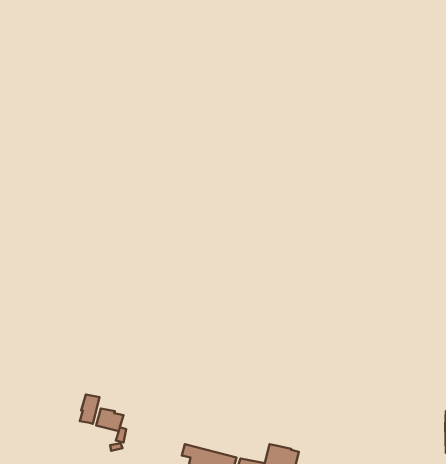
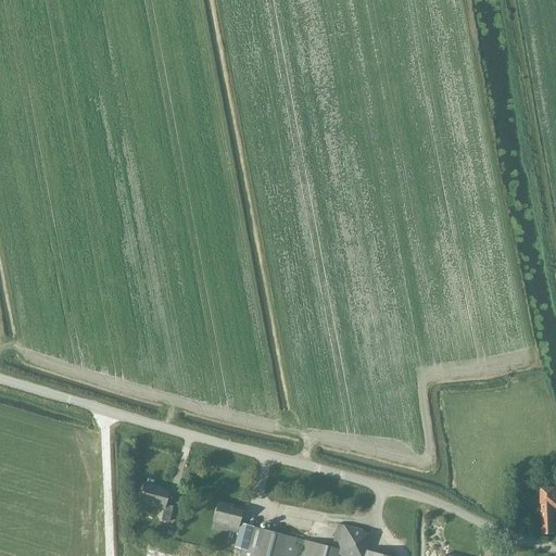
building: [80,394,100,424] -> none
building: none -> [213,502,243,528]

